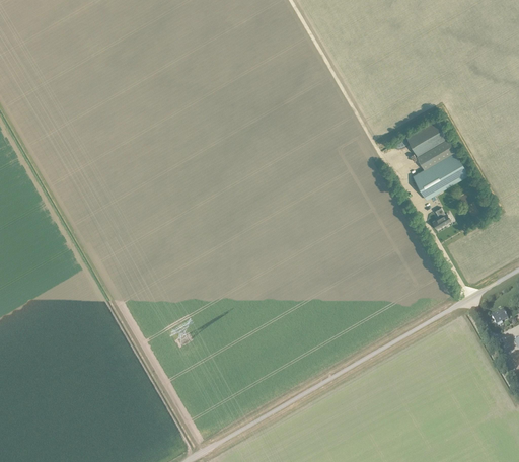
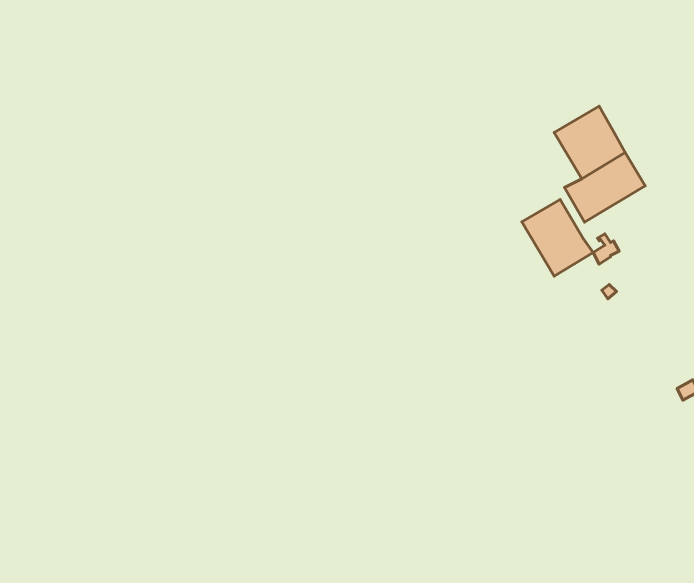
building: none -> [522,199,593,276]

